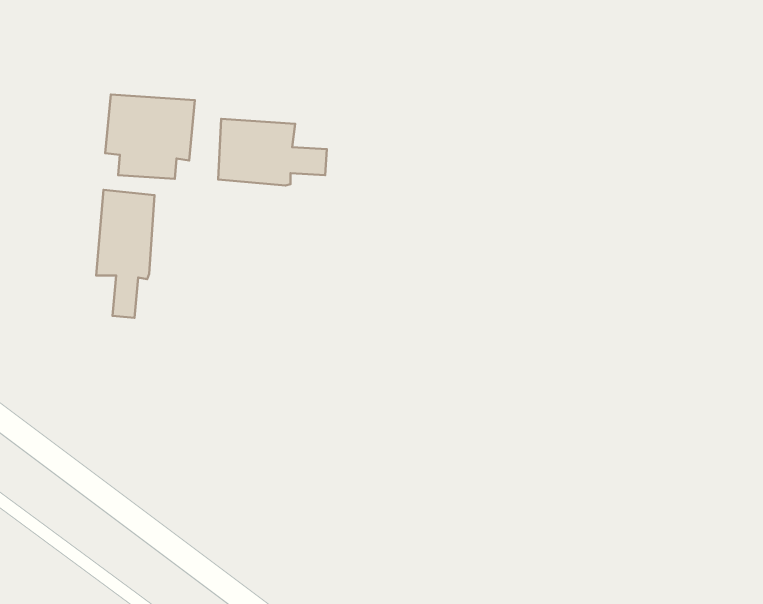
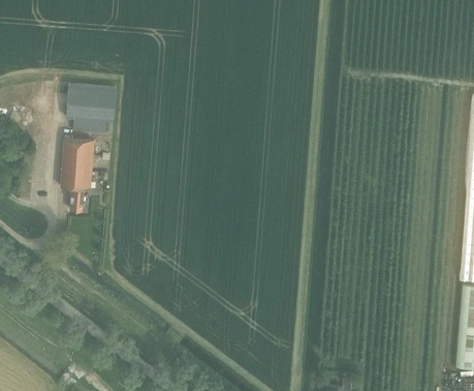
building: [218,119,327,185] -> none

